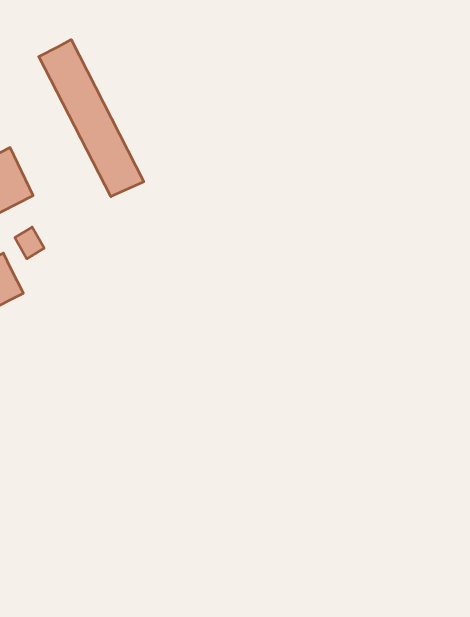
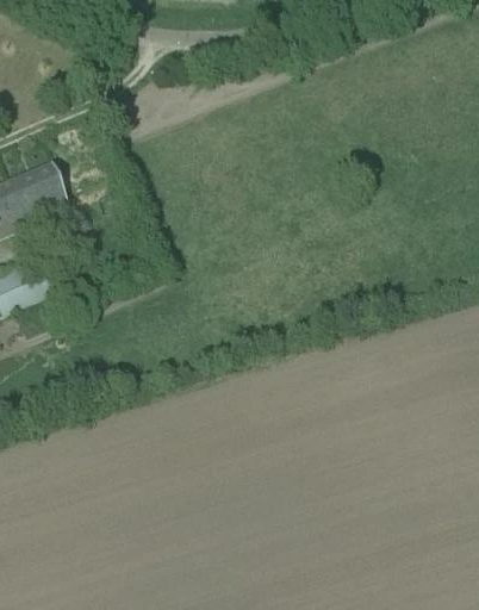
building: [39,40,144,197] -> none

